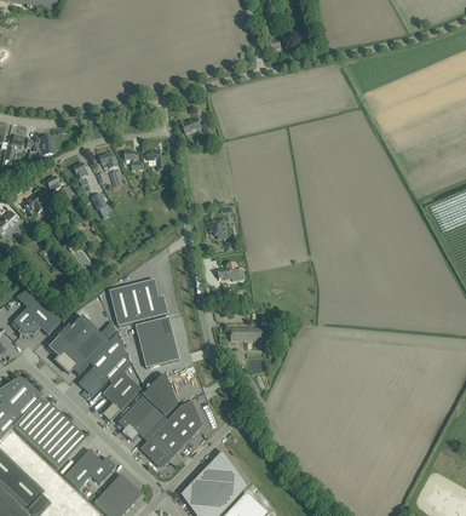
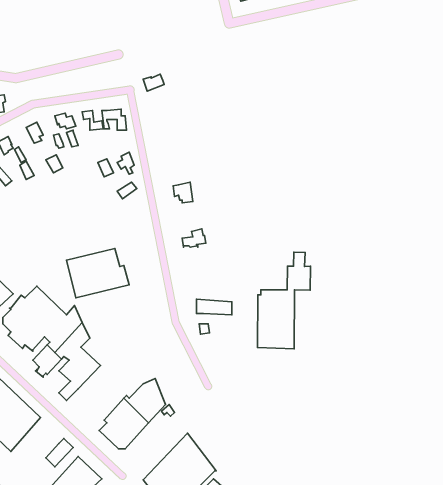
building: none -> [257,252,311,349]
building: [136,316,180,367] -> none
building: [119,374,178,438] -> none
building: [64,448,103,487] -> none

